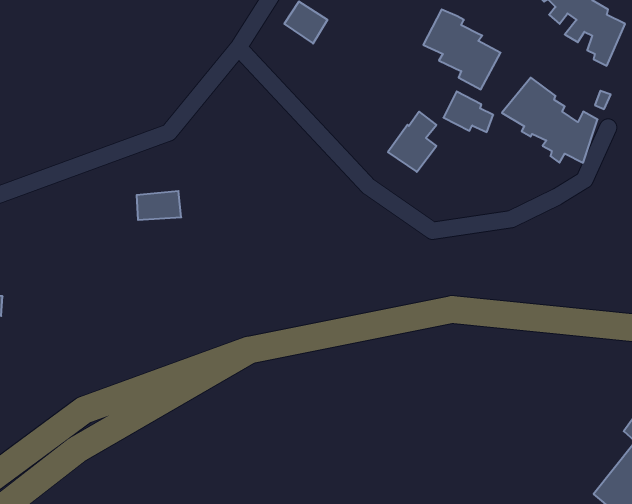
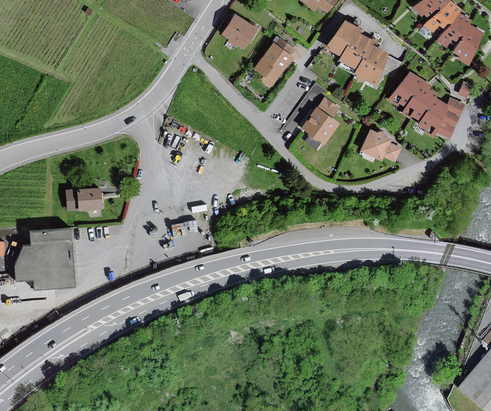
building: none -> [254,37,294,85]
building: [443,91,493,132] -> [361,130,399,161]
building: [137,191,181,220] -> [67,188,101,210]
building: none -> [14,229,74,289]

